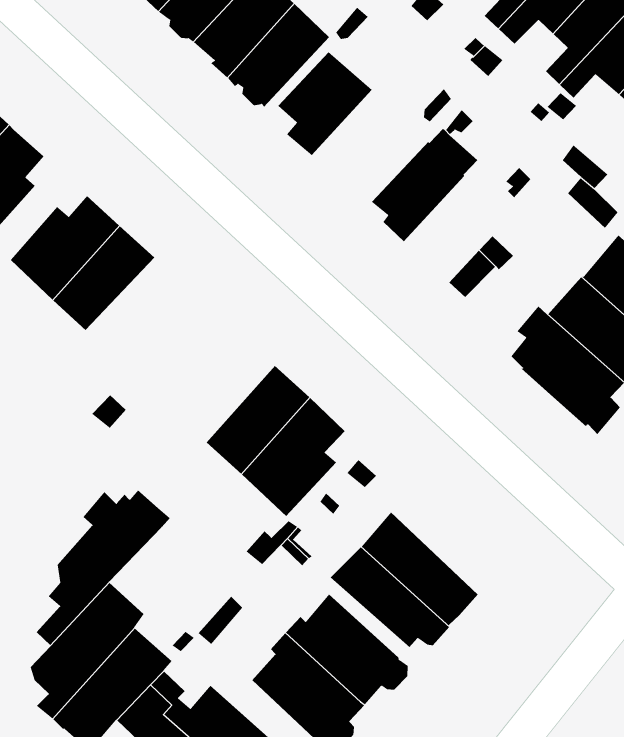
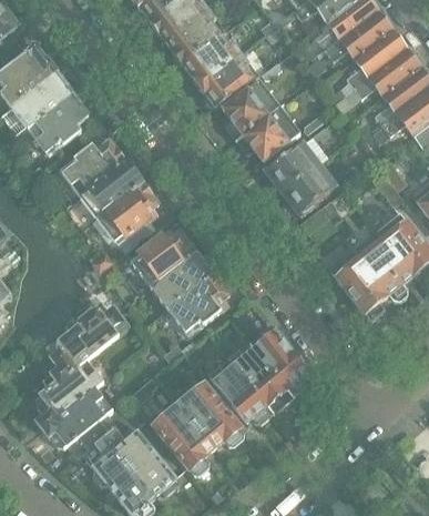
building: none -> [237,107,297,160]
building: none -> [280,163,337,213]
building: none -> [95,180,159,244]
building: none -> [130,230,197,287]
building: none -> [248,326,306,397]

